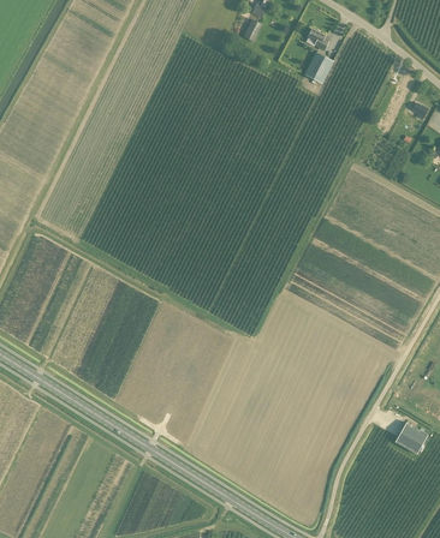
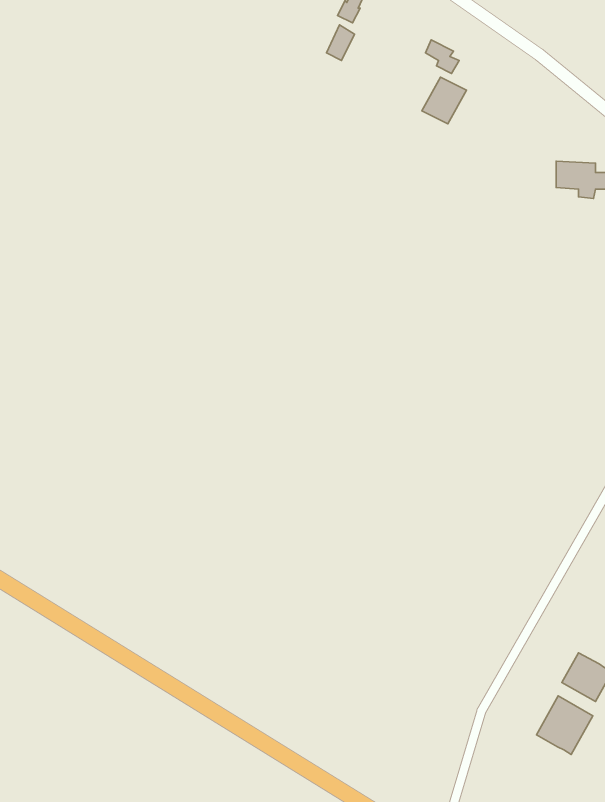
building: none -> [536,696,593,755]

